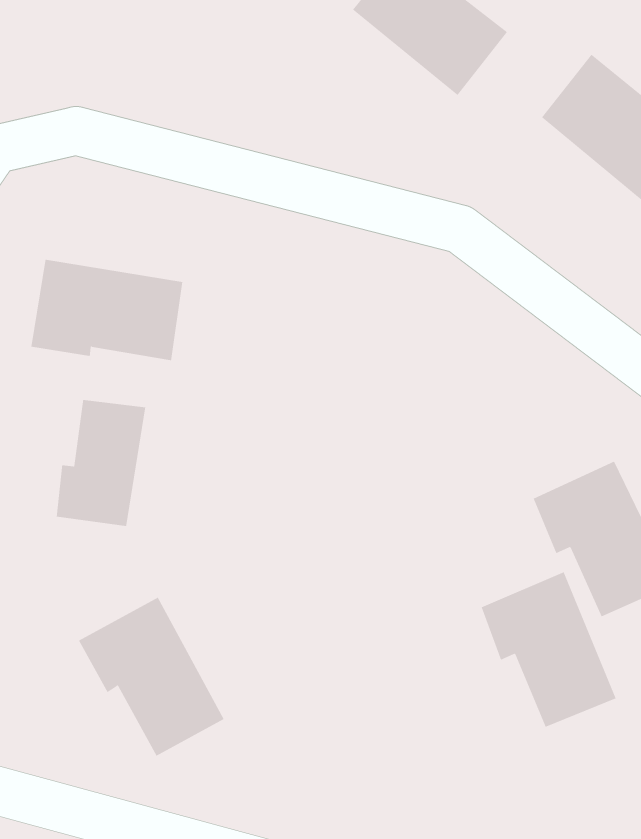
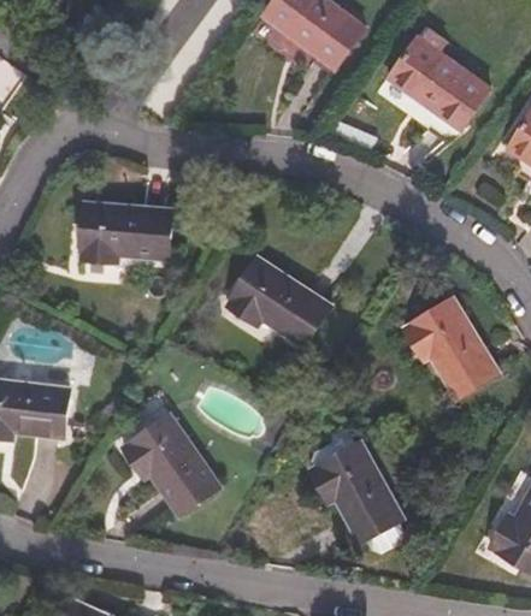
building: none -> [228,257,330,345]
building: [56,399,146,527] -> none
building: [481,572,616,728] -> [313,439,405,539]

